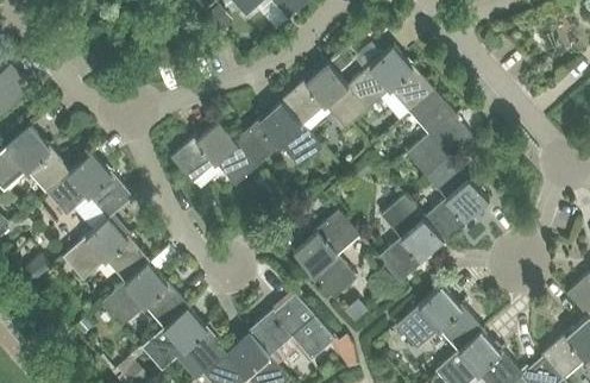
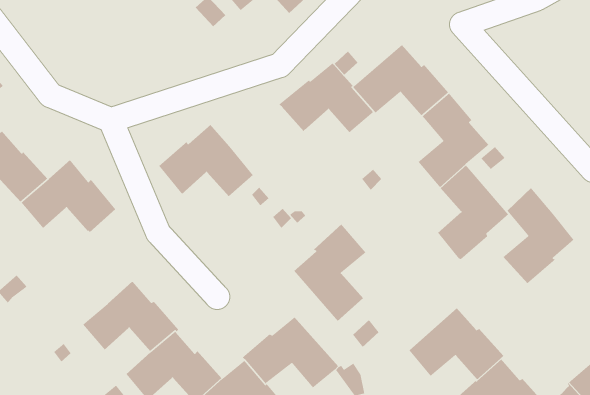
building: [236,103,322,168] -> none
building: [377,194,442,282] -> [502,187,575,284]
building: [61,216,150,282] -> none

